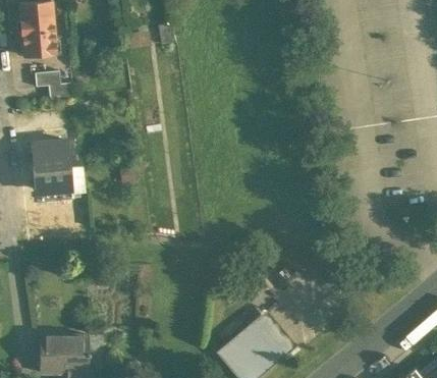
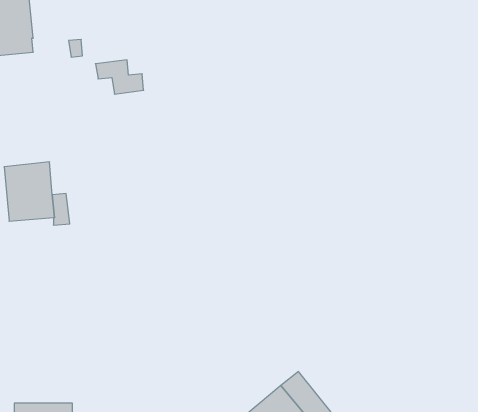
building: [35,69,73,97] -> [95,60,144,94]

